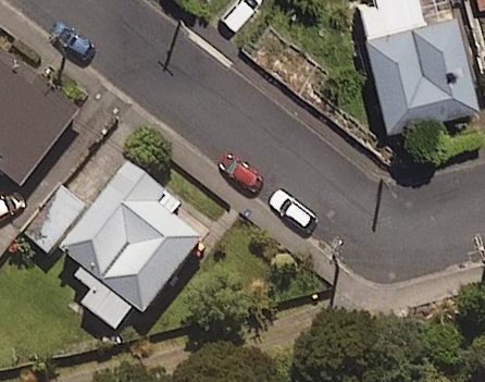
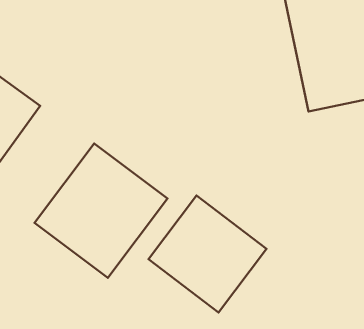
building: none -> [148,195,267,313]

